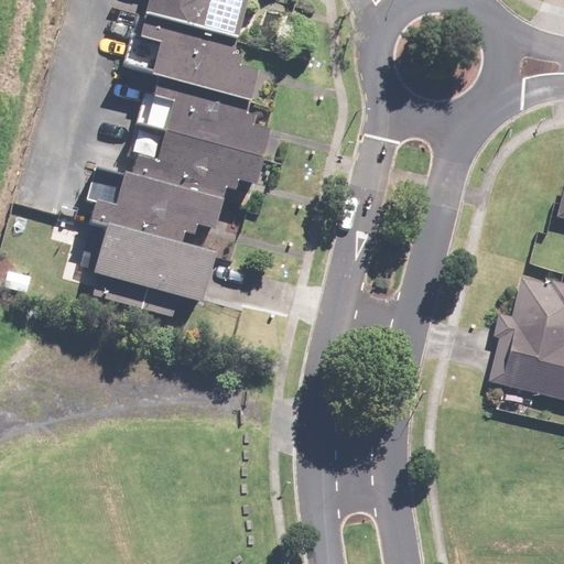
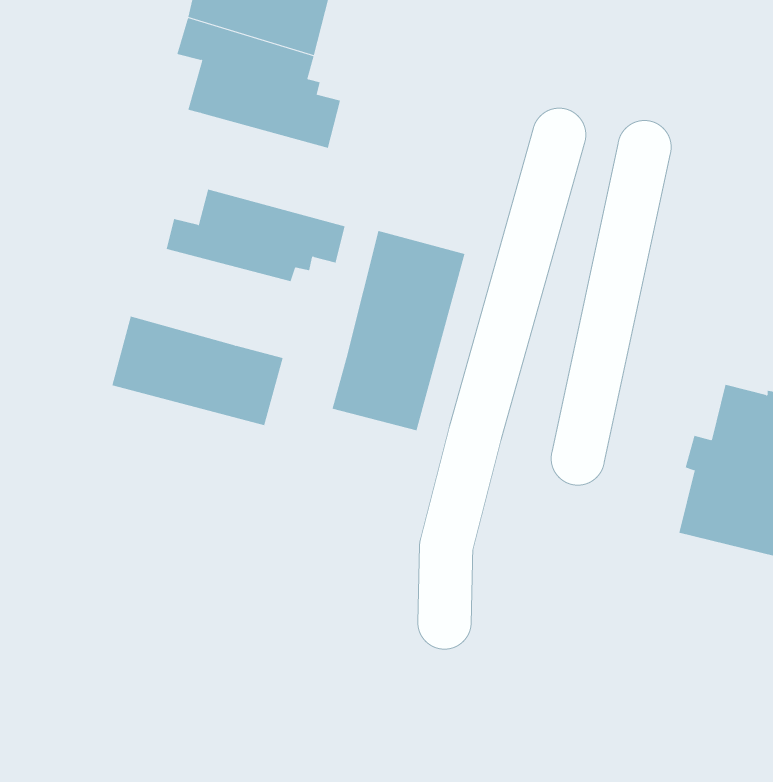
building: [151,80,267,161] -> none
building: none -> [332,230,465,431]
building: [90,174,220,246] -> none

